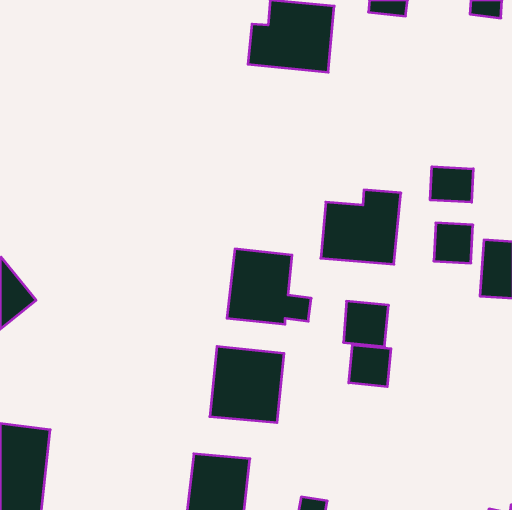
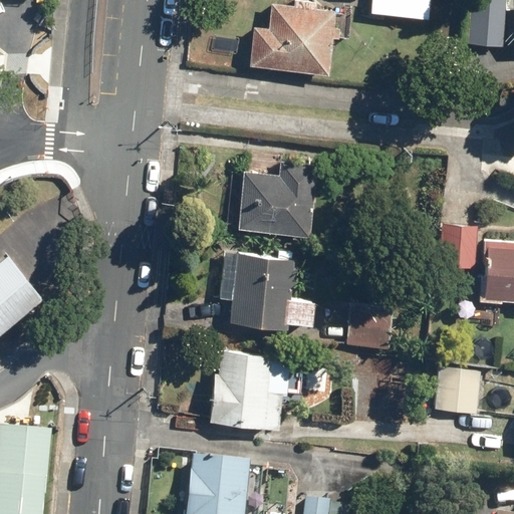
building: [430,167,473,202] -> none
building: [321,190,401,264] -> [236,161,316,235]
building: [349,345,391,387] -> none
building: none -> [431,368,478,415]

